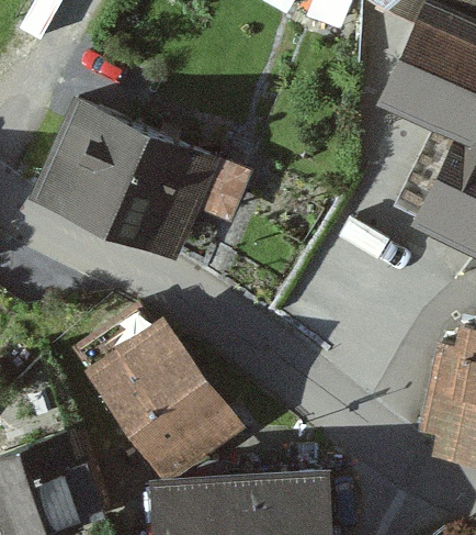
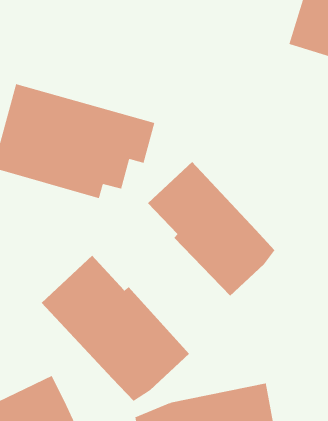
building: none -> [147,161,275,297]

